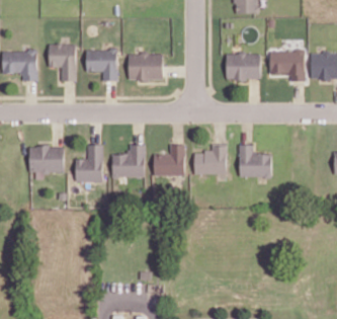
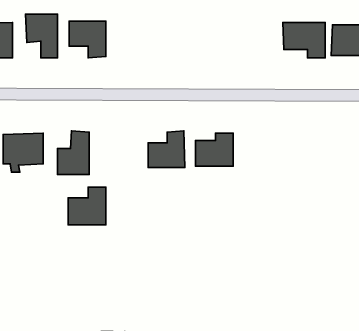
building: [226,53,260,80] -> none
building: [128,54,163,80] -> none
building: [111,145,144,177] -> [68,187,106,225]
building: [238,145,271,178] -> none

